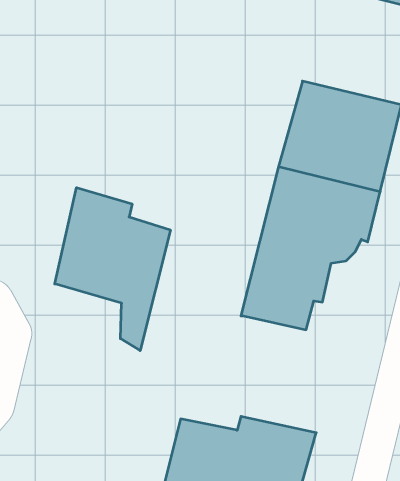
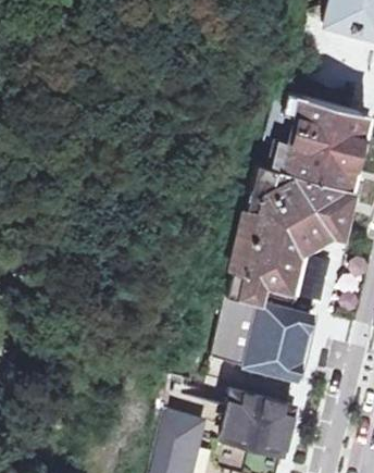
building: [55,188,170,351] -> none
building: none -> [216,300,316,381]

